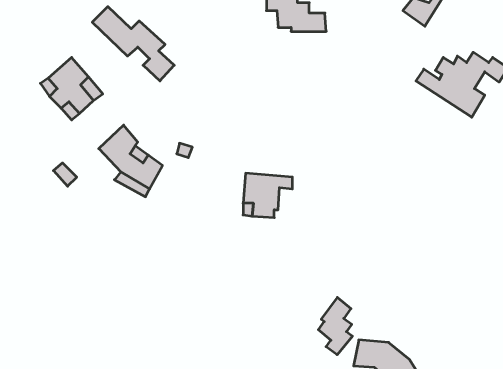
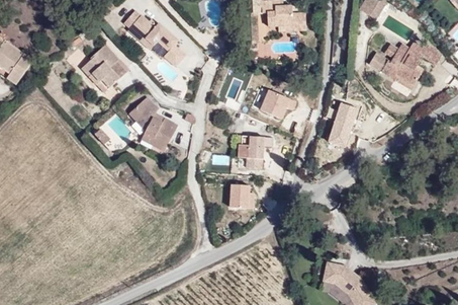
building: none -> [262,91,297,120]
building: none -> [330,104,359,149]
building: none -> [226,179,251,205]
building: [318,297,352,355] -> none

